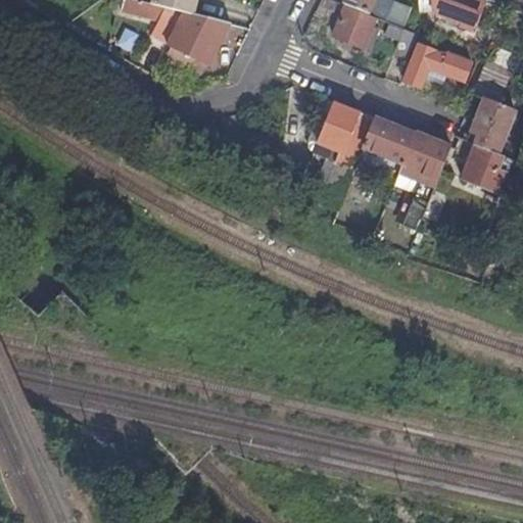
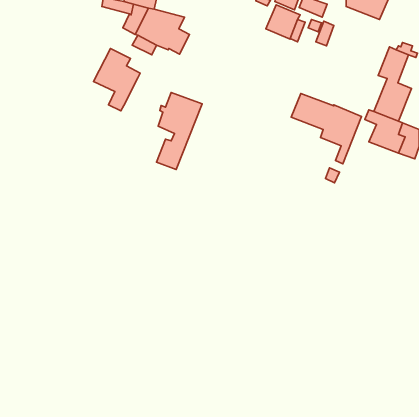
building: [401,35,468,86] -> none
building: none -> [93,49,140,111]
building: [315,100,372,196] -> [156,92,202,169]

